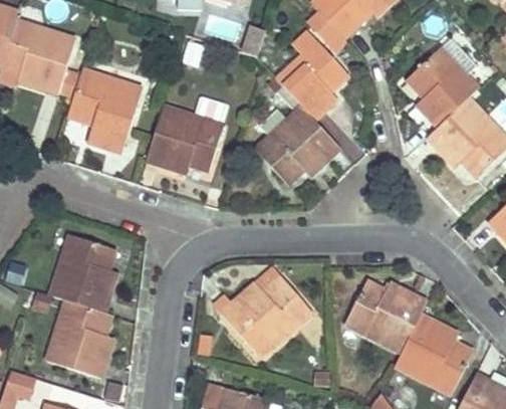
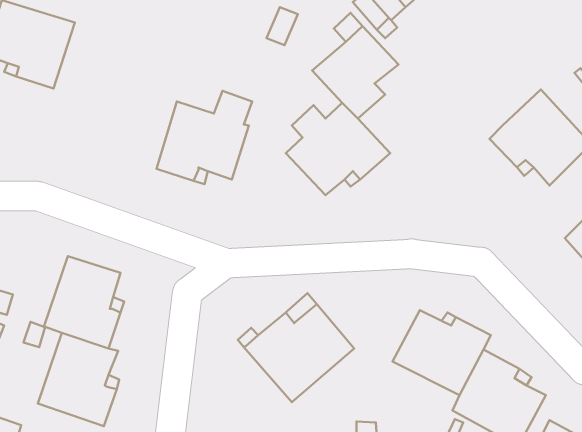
building: [406,37,477,126] -> none
building: [68,70,142,153] -> none

